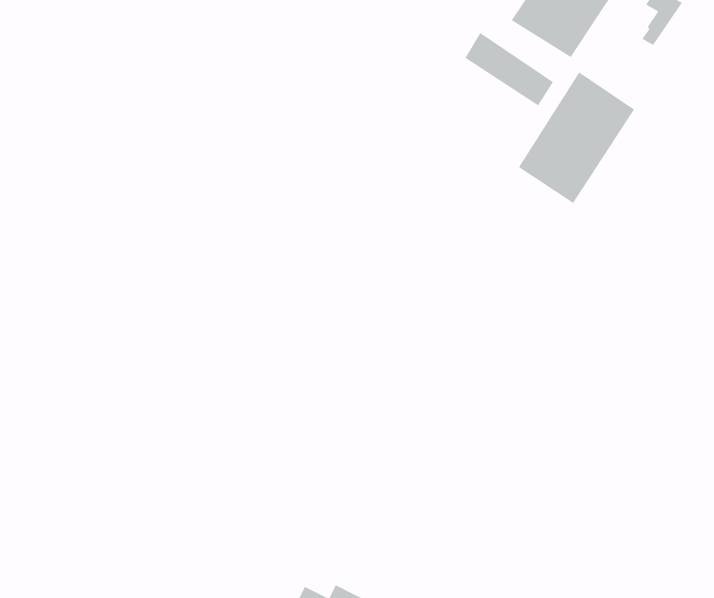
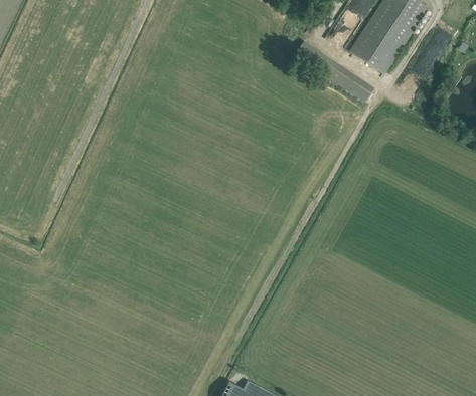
building: [518,71,635,204] -> none

